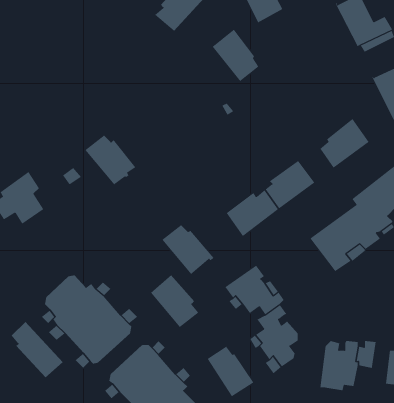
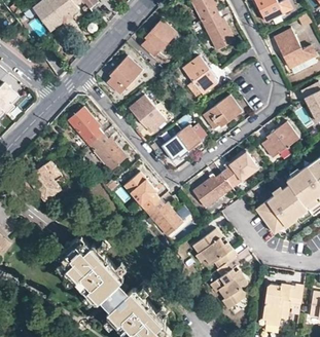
building: none -> [107,55,143,95]
building: none -> [130,95,171,132]
building: none -> [204,96,243,129]
building: none -> [69,107,104,145]
building: none -> [163,125,203,160]
building: [150,275,199,328] -> [125,172,161,211]
building: [11,321,63,378] -> none
building: [207,346,254,397] -> none

